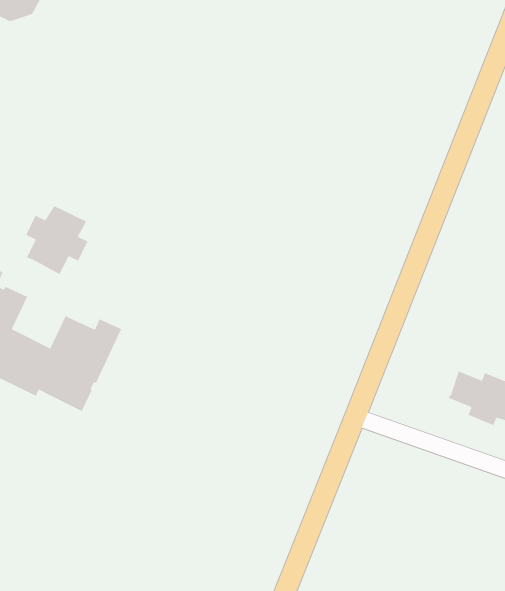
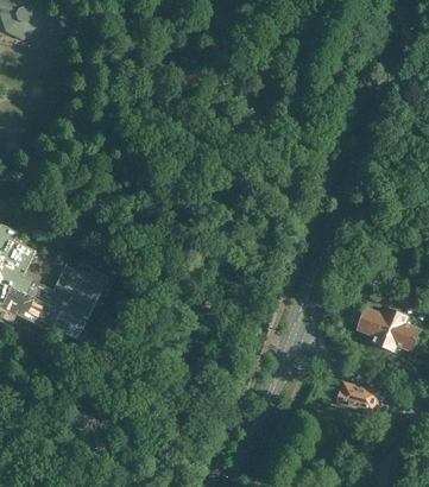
building: [25,205,89,275] -> none
building: none -> [337,380,378,410]

